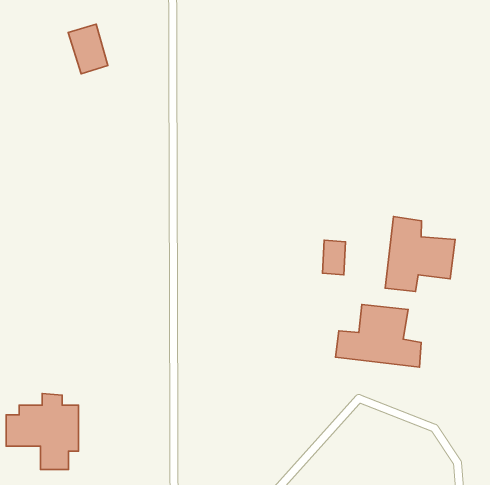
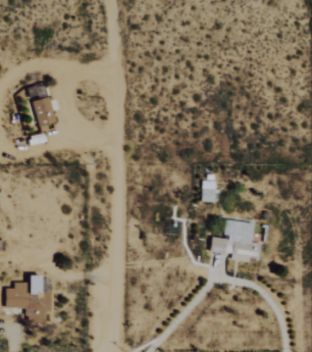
building: [68,24,108,74] -> [32,96,56,127]
building: [385,217,455,292] -> none

